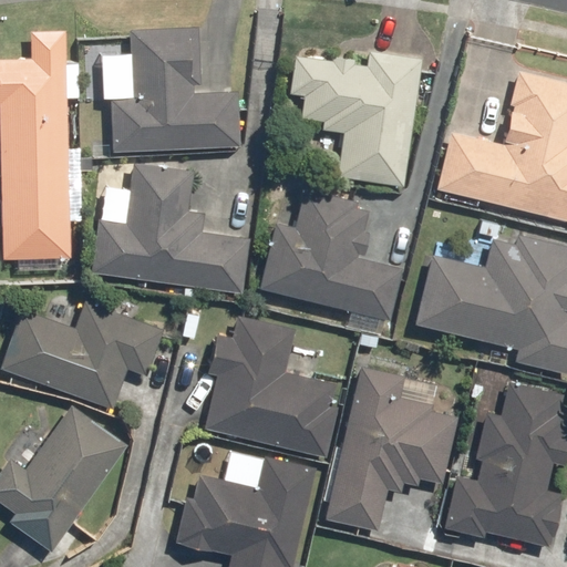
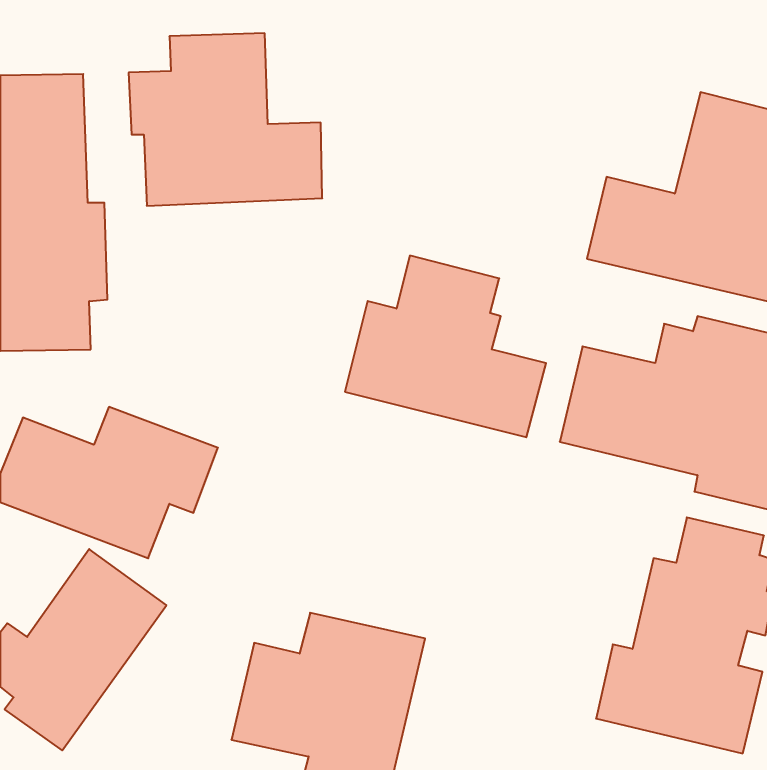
building: [288,52,422,187] -> none
building: [90,163,250,296] -> none
building: [202,316,343,458] -> none
building: [322,365,458,533] -> none

